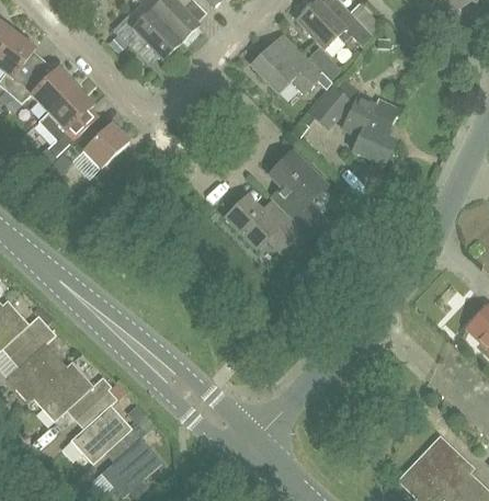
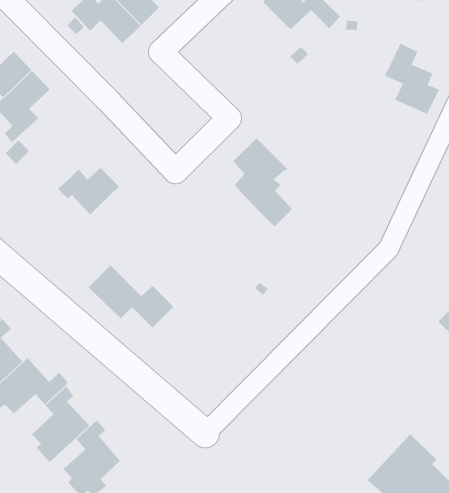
building: [251,35,320,92] -> none
building: [308,87,349,129] -> none
building: [342,95,396,164] -> [384,43,440,115]
building: [69,123,129,169] -> [57,167,120,215]
building: [225,195,308,257] -> [88,265,174,328]

